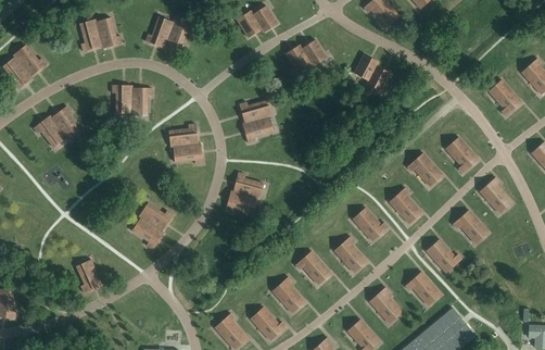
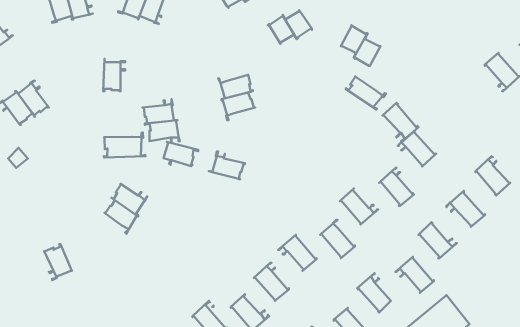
building: [116,86,132,116] -> none
building: none -> [346,77,386,110]
building: [445,137,479,174] -> [383,103,419,142]
building: none -> [104,133,145,157]
building: [227,191,259,214] -> [163,142,198,166]

